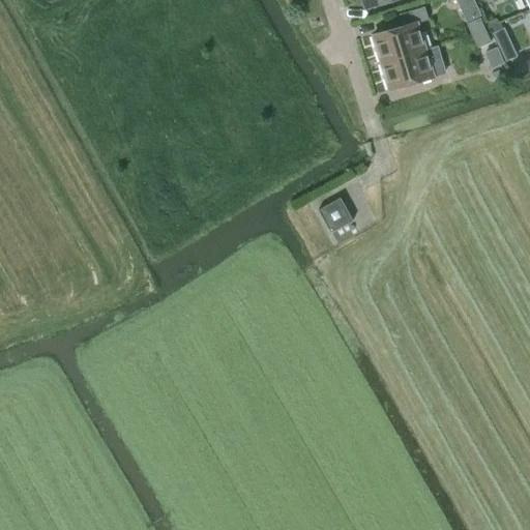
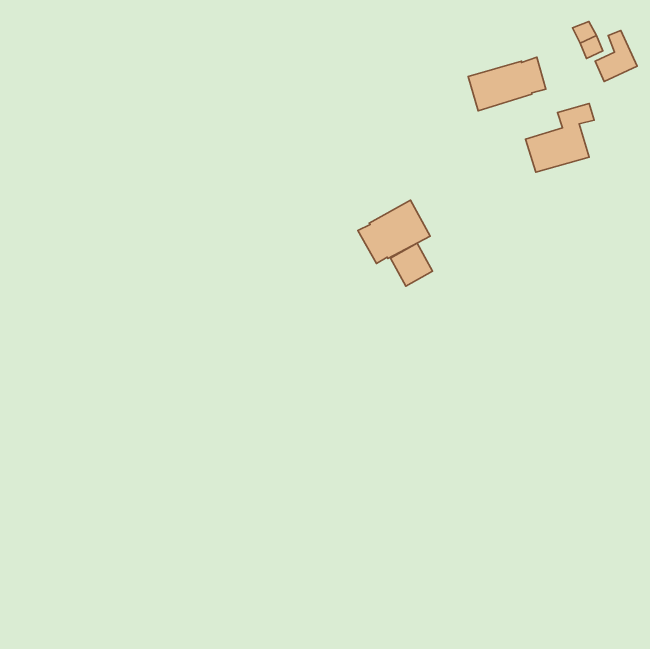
building: [373,6,429,62] -> [526,104,594,172]
building: none -> [358,200,430,264]

